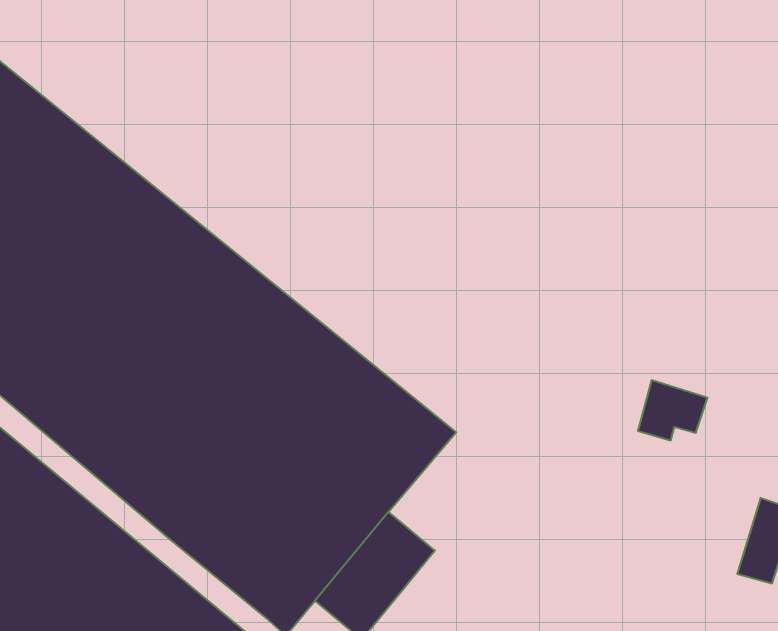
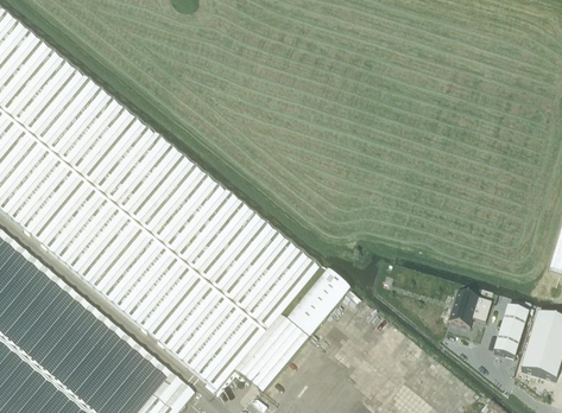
building: [638,380,708,440] -> [449,293,492,330]
building: none -> [288,273,349,339]

